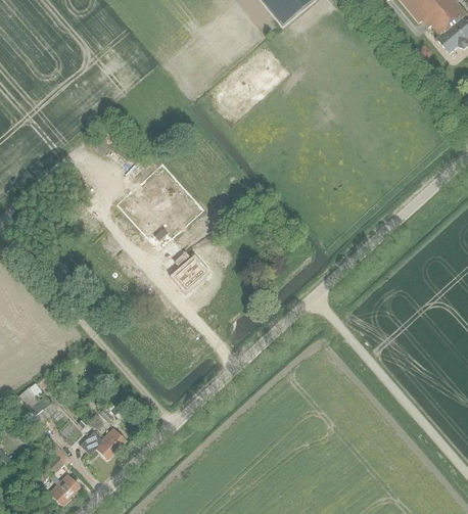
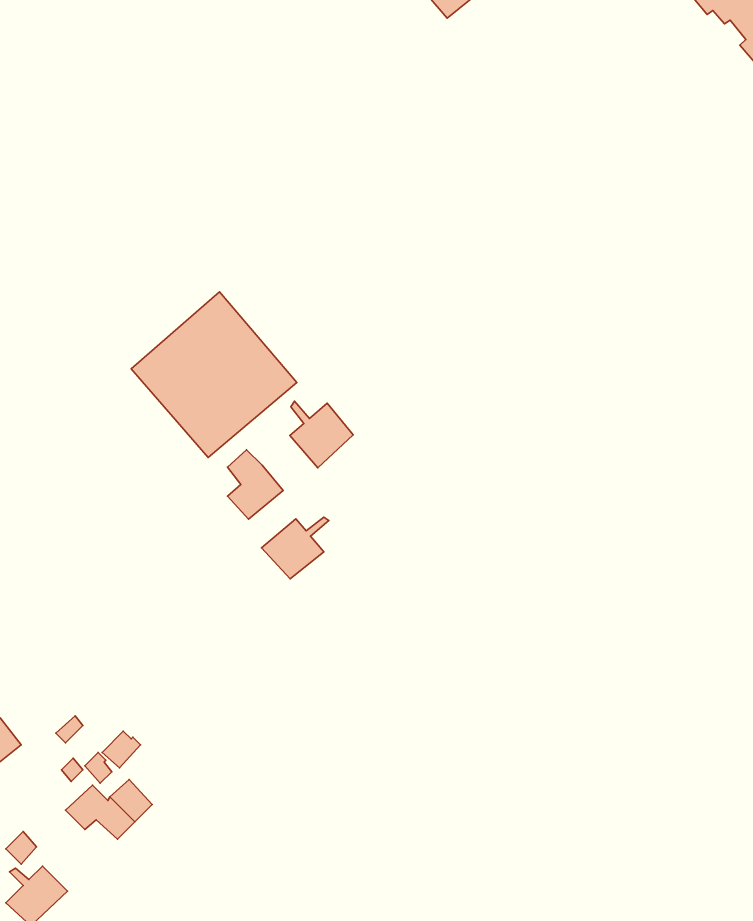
building: none -> [290,401,353,468]
building: none -> [262,517,329,579]

